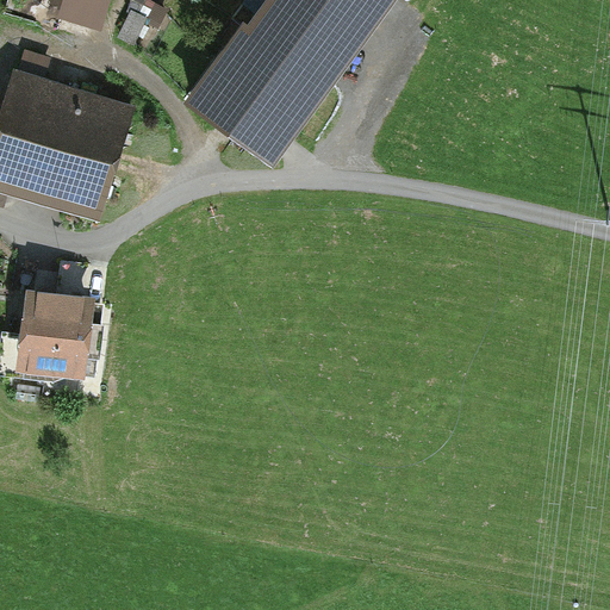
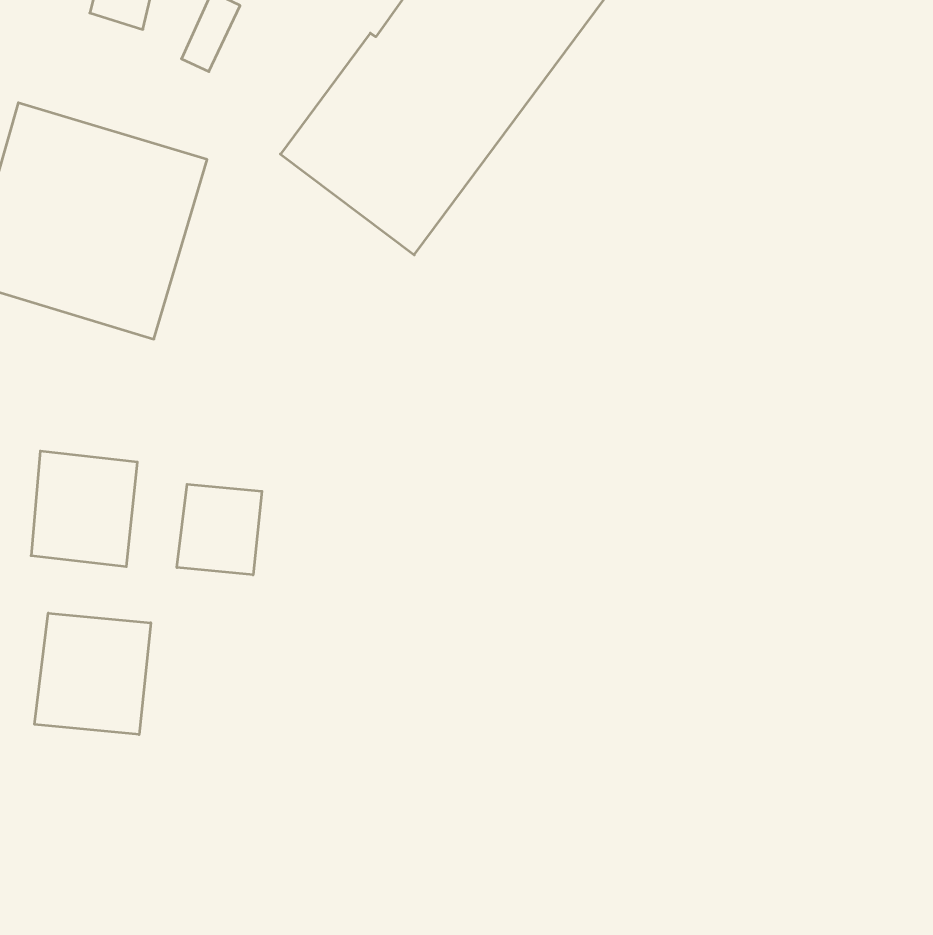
building: none -> [177,484,262,575]
building: none -> [35,613,151,735]

